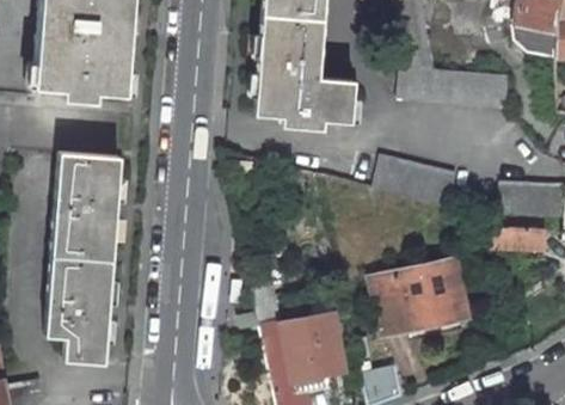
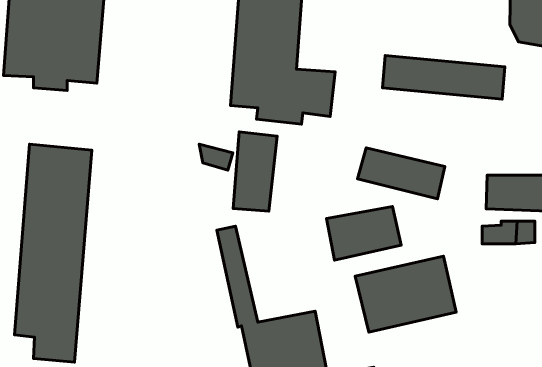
building: none -> [233,132,277,211]
building: none -> [327,207,401,260]

